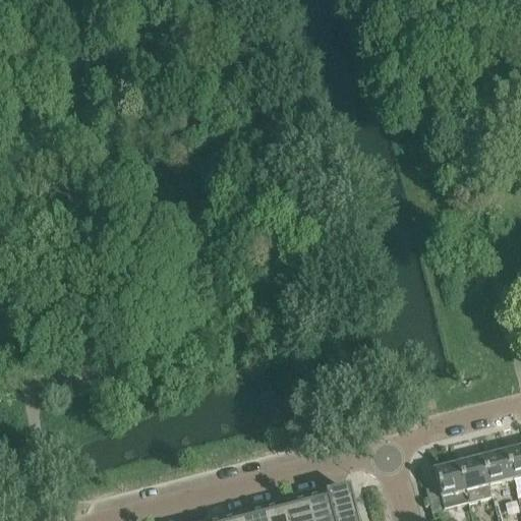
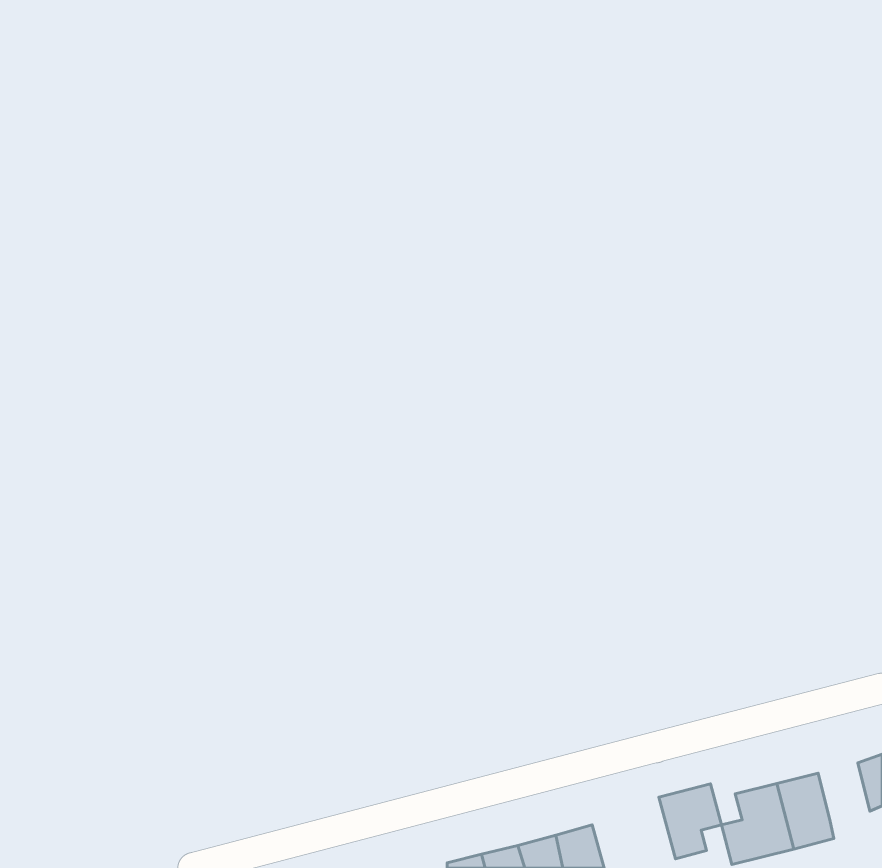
building: [482,450,513,484] -> none
building: none -> [659,784,721,859]

